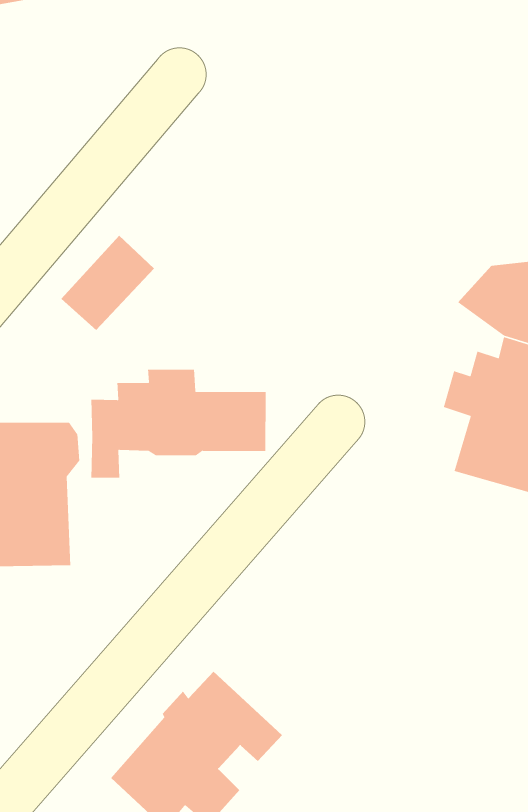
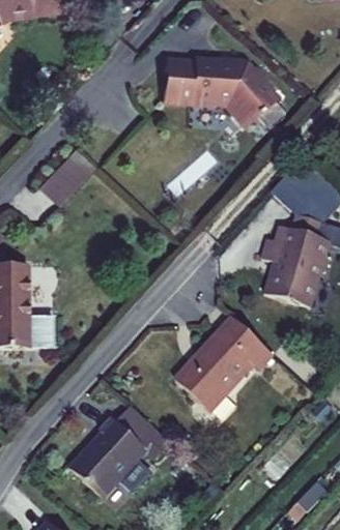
building: none -> [161,62,284,131]
building: [90,369,267,478] -> none
building: none -> [174,318,273,411]

